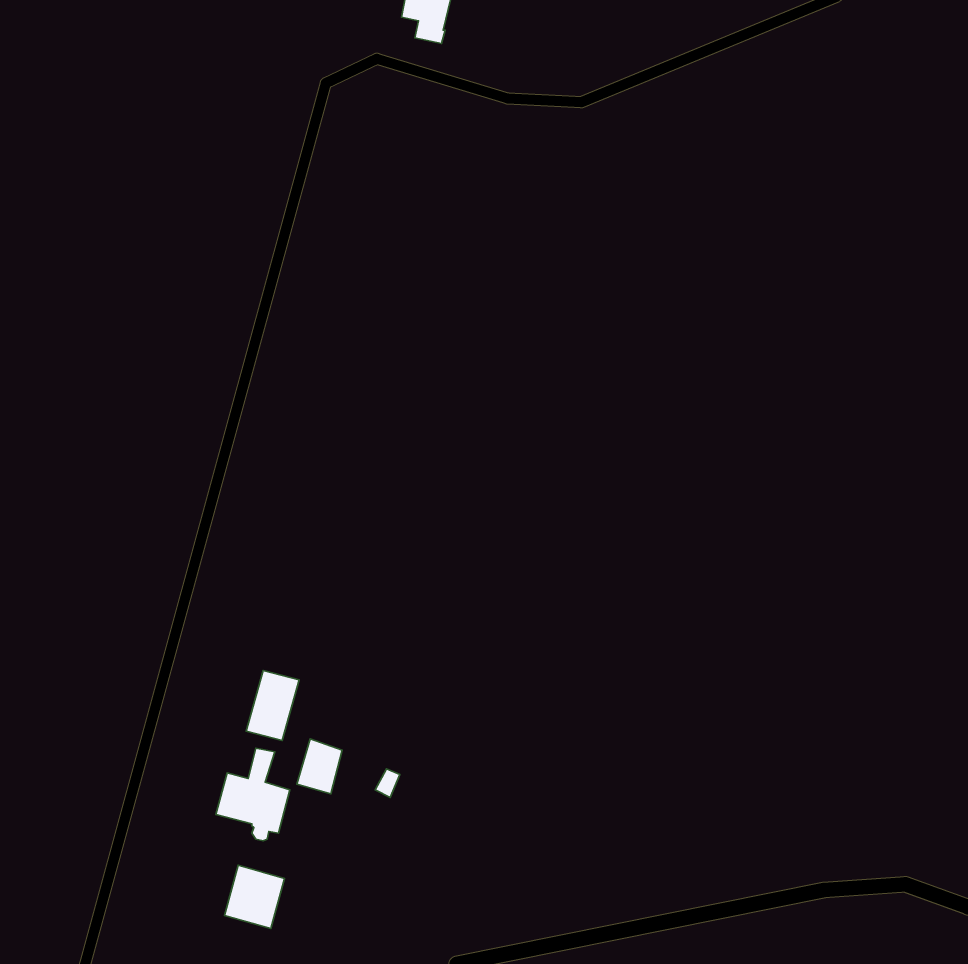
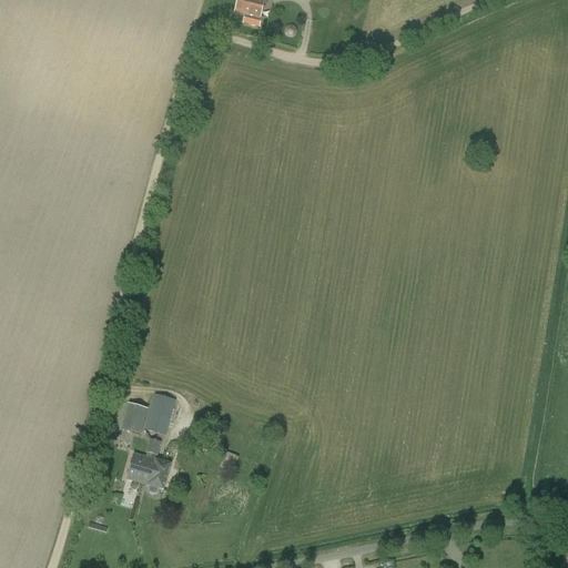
building: [297,739,342,794] -> [121,402,148,434]
building: [224,865,284,929] -> none

